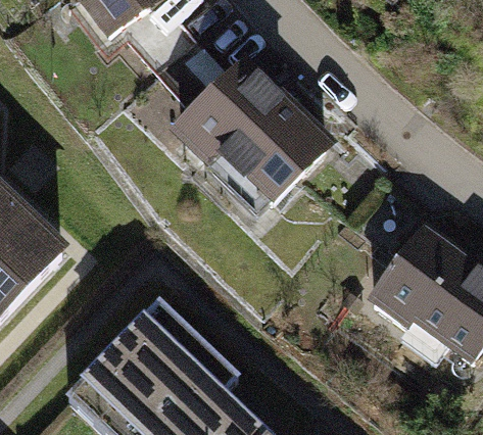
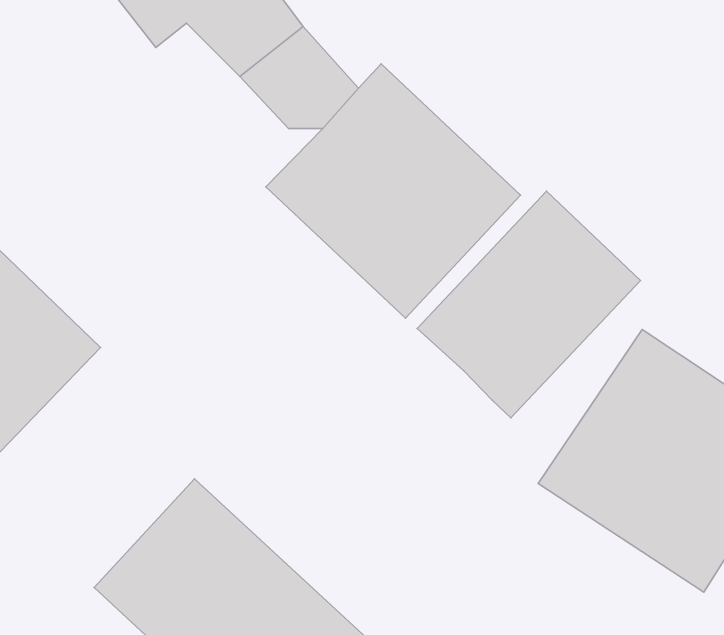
building: none -> [417,191,640,418]

